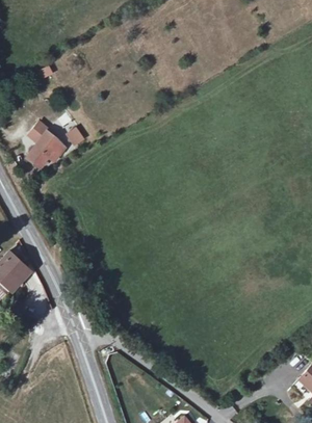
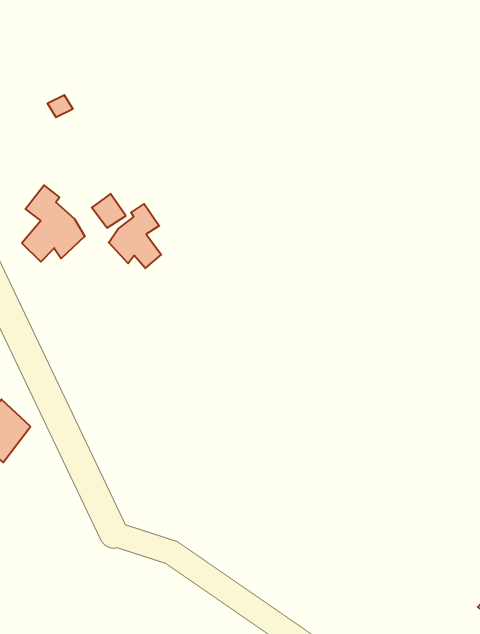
building: none -> [109,204,161,268]

